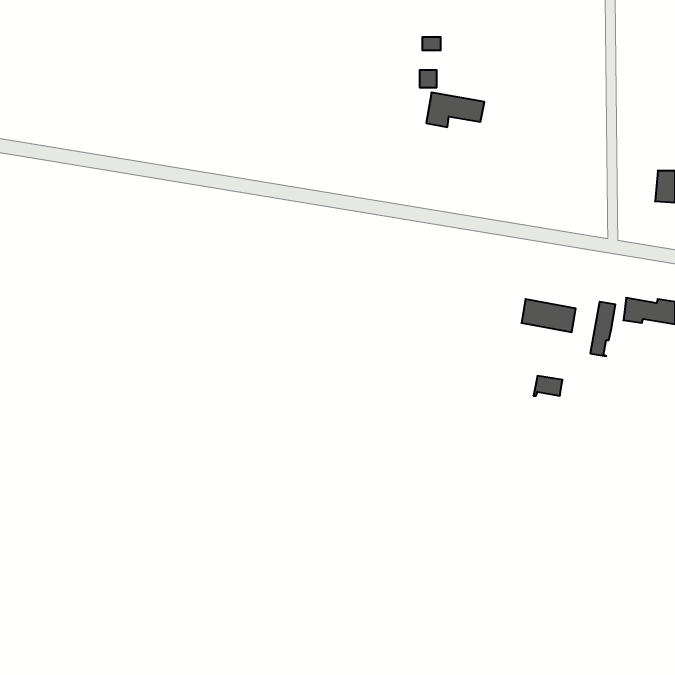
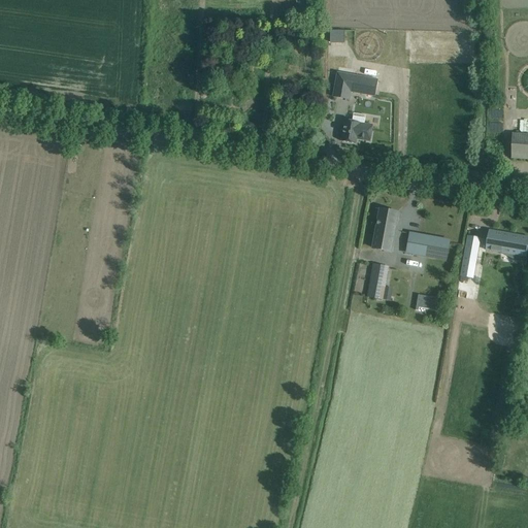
building: none -> [341,113,372,143]
building: none -> [372,208,397,251]
building: none -> [367,264,387,298]

